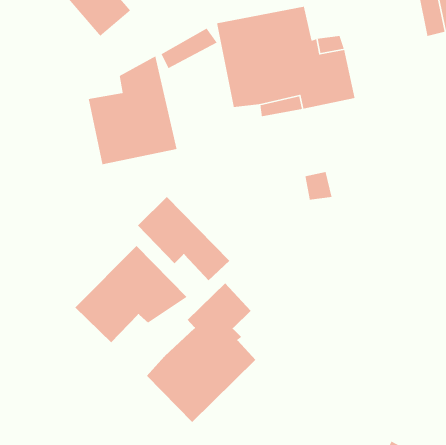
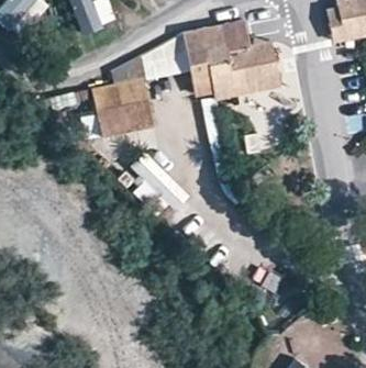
building: [75,245,187,343] -> none
building: [146,283,256,423] -> none

